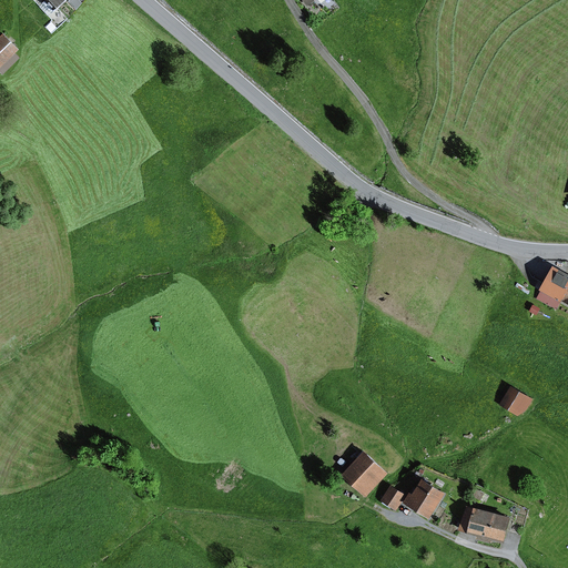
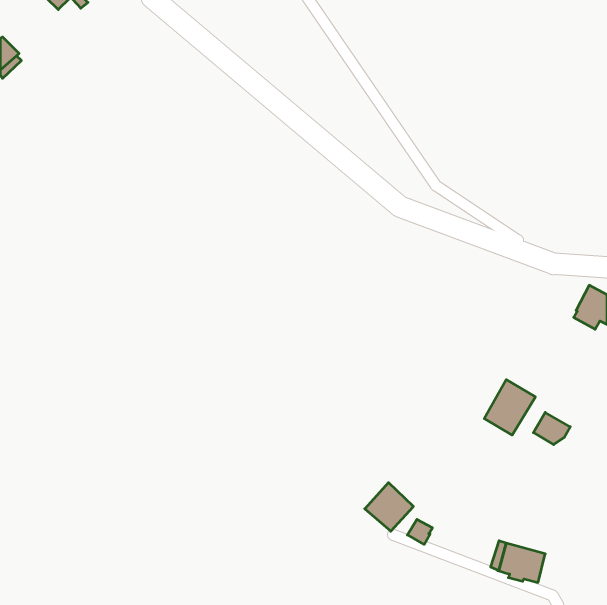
building: none -> [484,380,535,435]
building: [402,478,444,518] -> none

